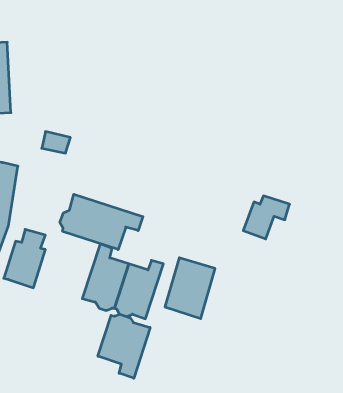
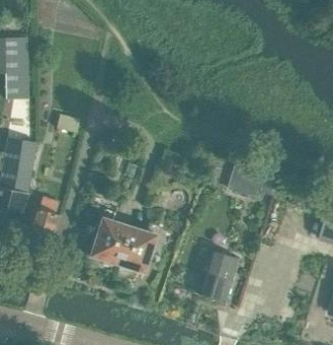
building: [60,194,143,250] -> none
building: [165,258,215,319] -> [194,248,237,299]
building: [98,314,150,378] -> none

